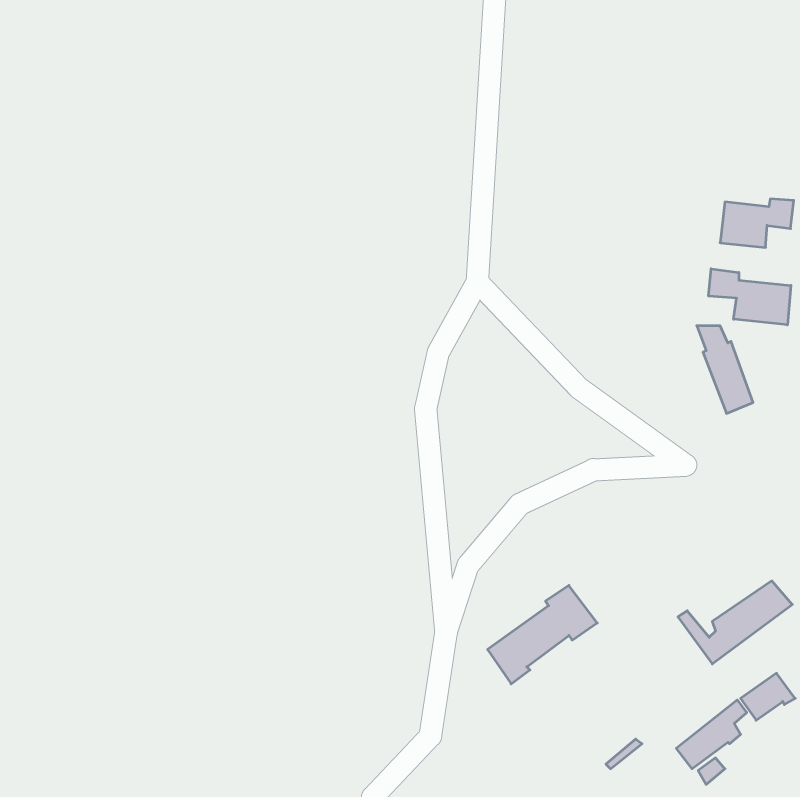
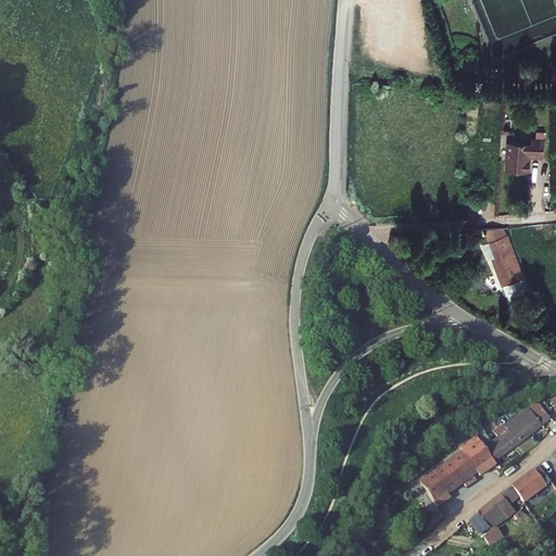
building: [709,269,791,325] -> none
building: [488,585,597,684] -> [419,438,495,506]

